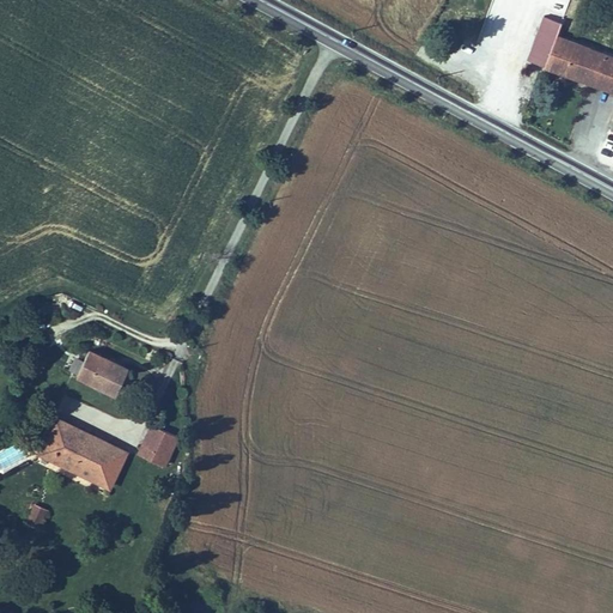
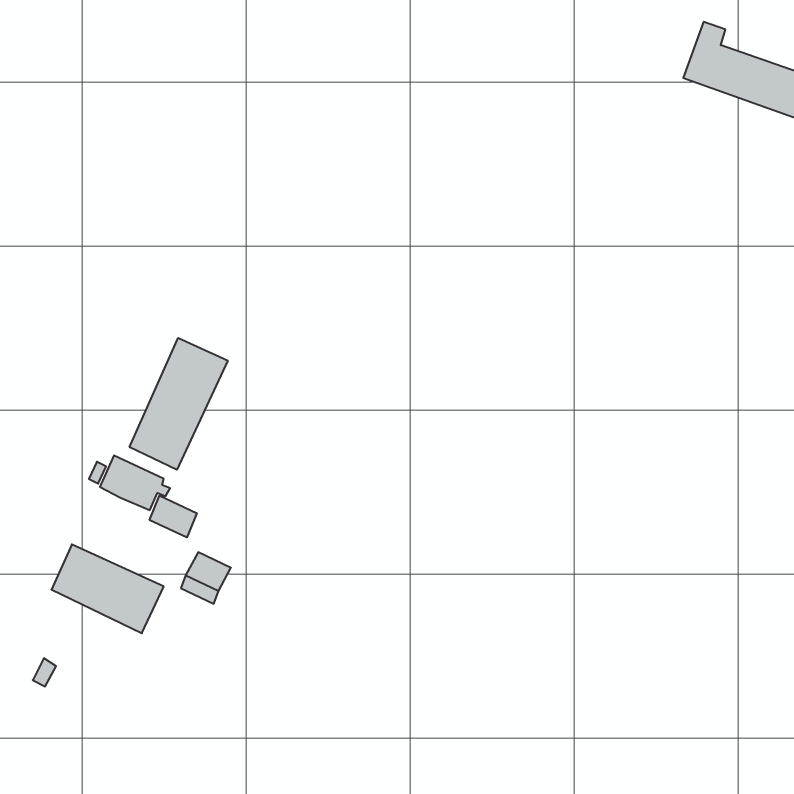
building: none -> [130,338,228,470]
building: none -> [150,496,197,537]

